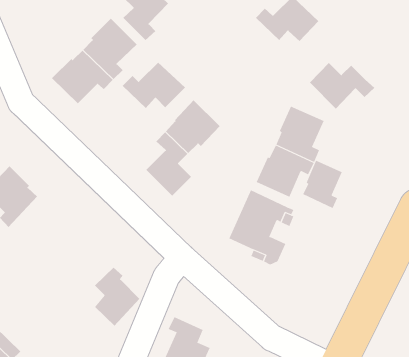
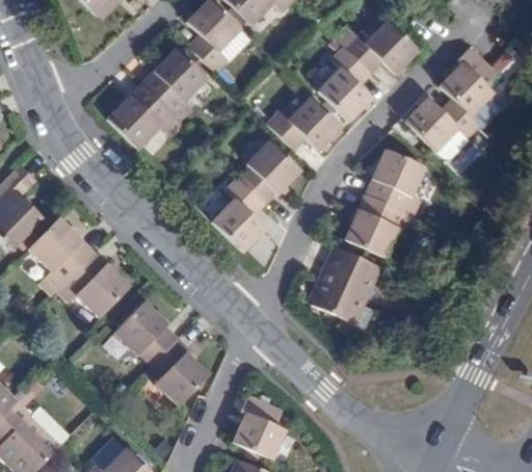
building: none -> [318,46,372,121]
building: none -> [441,48,499,117]
building: [122,62,186,109] -> [268,97,343,152]
building: [302,160,343,209] -> none
building: none -> [55,255,127,319]
building: none -> [113,299,178,359]

